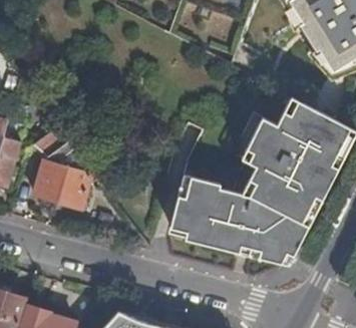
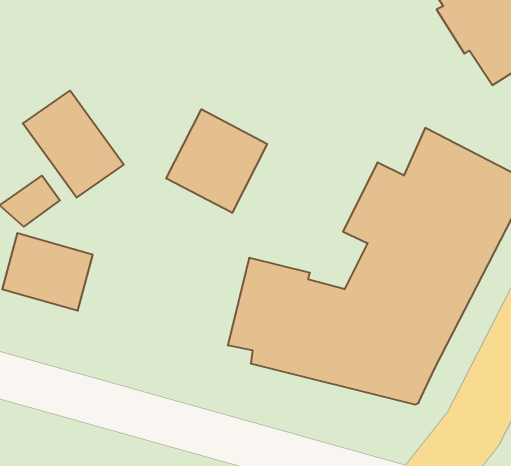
building: none -> [23,91,124,198]
building: none -> [166,109,267,213]

